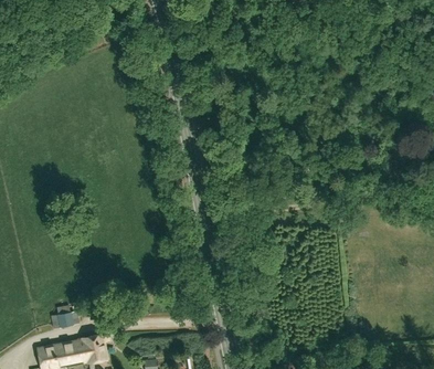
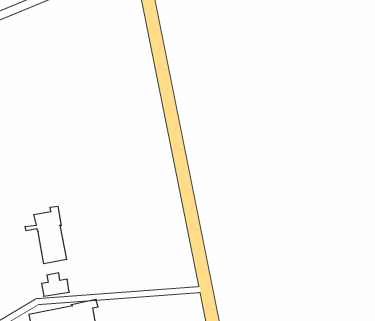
building: none -> [25,206,67,264]

